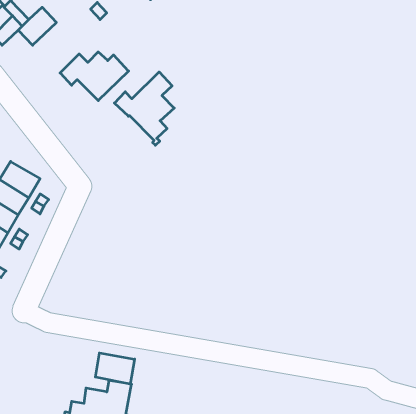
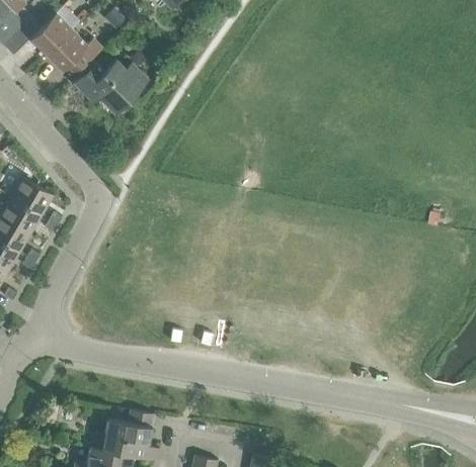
building: none -> [46,30,102,75]
building: [114,72,174,145] -> none
building: [95,353,135,384] -> none

